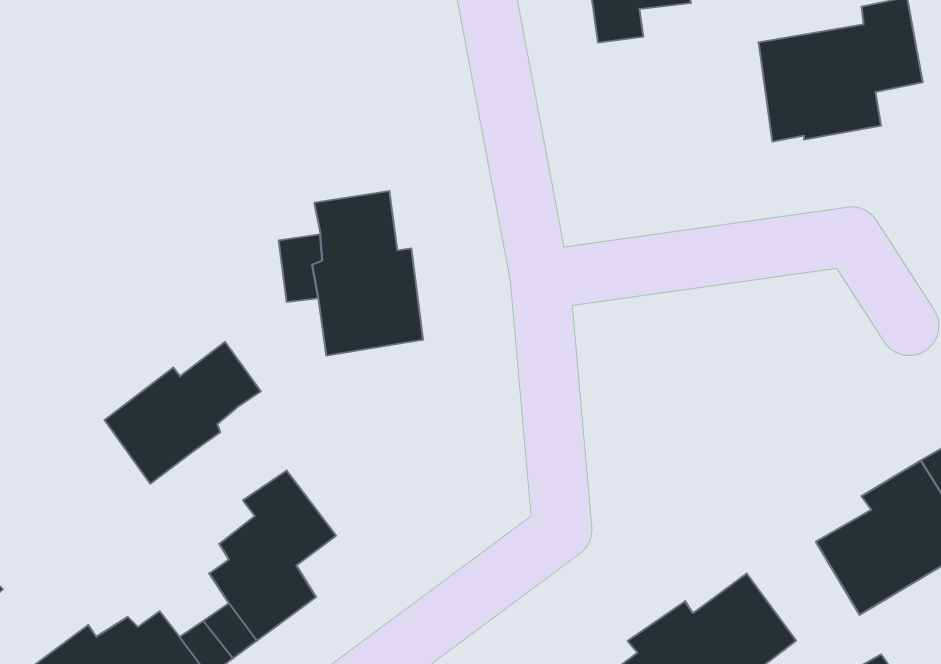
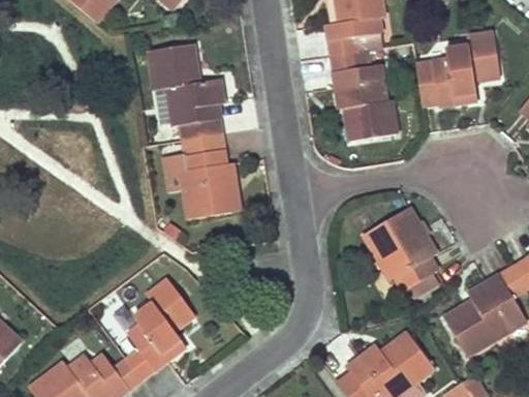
building: none -> [151,44,223,139]
building: none -> [331,50,396,141]
building: none -> [363,207,437,289]
building: [104,342,261,484] -> none

